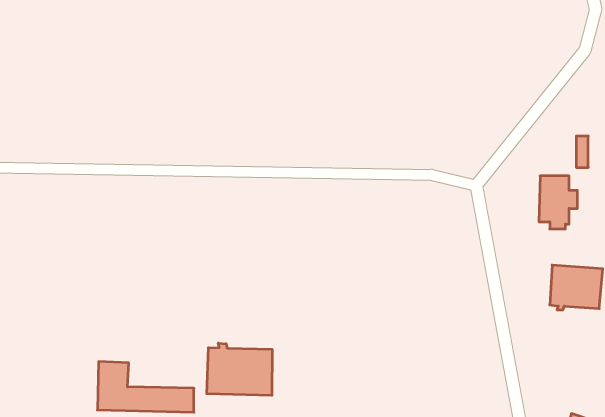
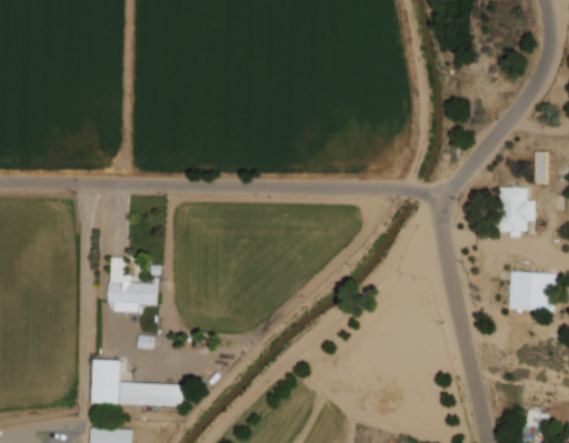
building: none -> [109,255,154,310]
building: [207,343,272,395] -> none

